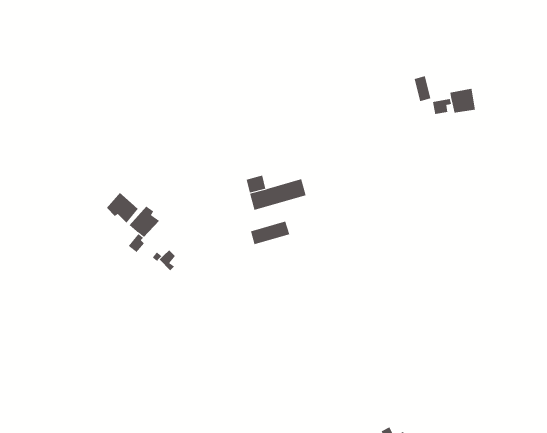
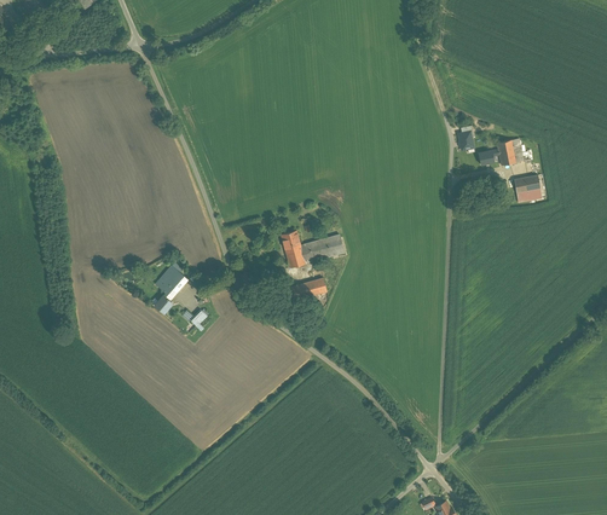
building: none -> [514,174,542,203]
building: [106,192,138,224] -> none

